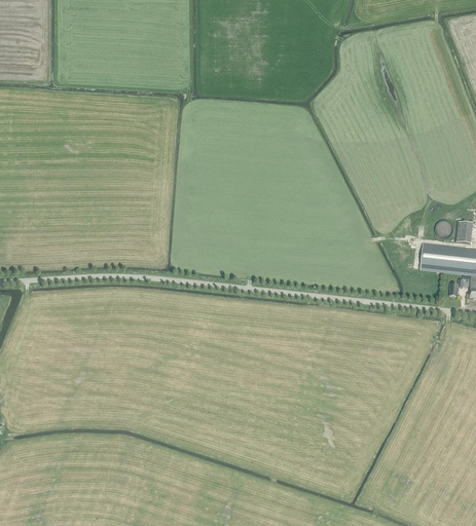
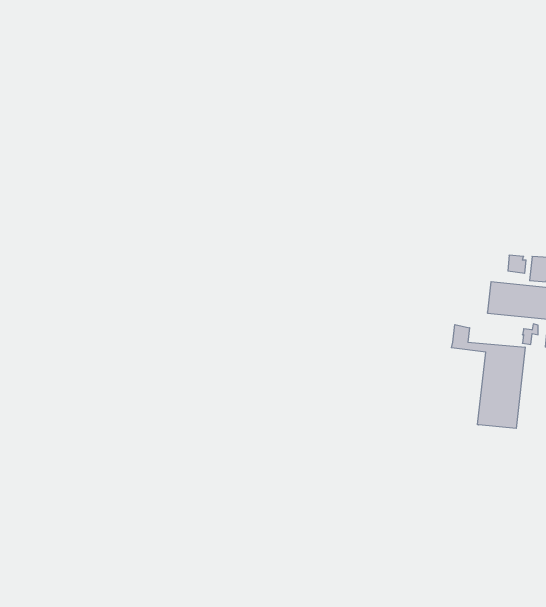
building: none -> [451,325,525,428]

